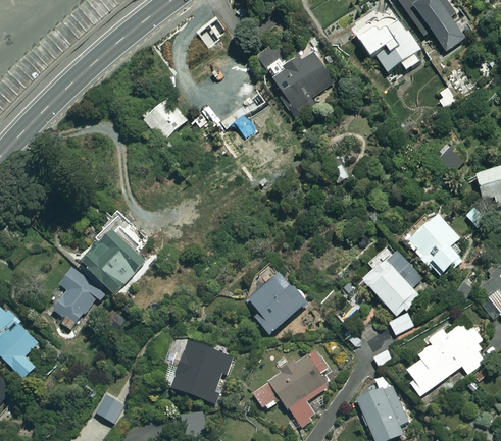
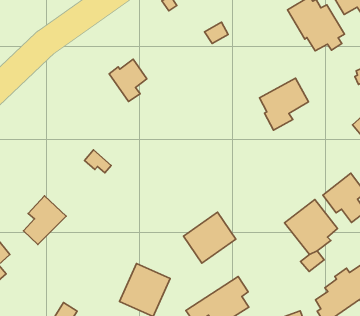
building: [271,52,331,116] -> [259,78,308,130]
building: [80,232,144,293] -> none

